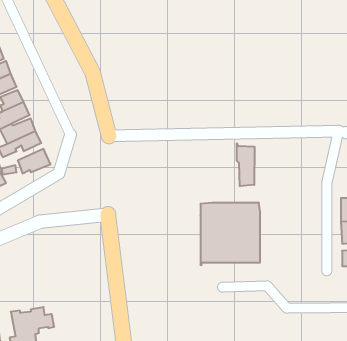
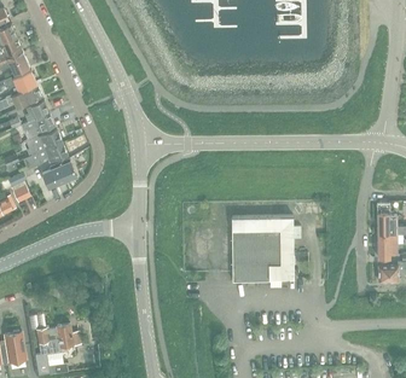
building: [237,143,254,186] -> none

